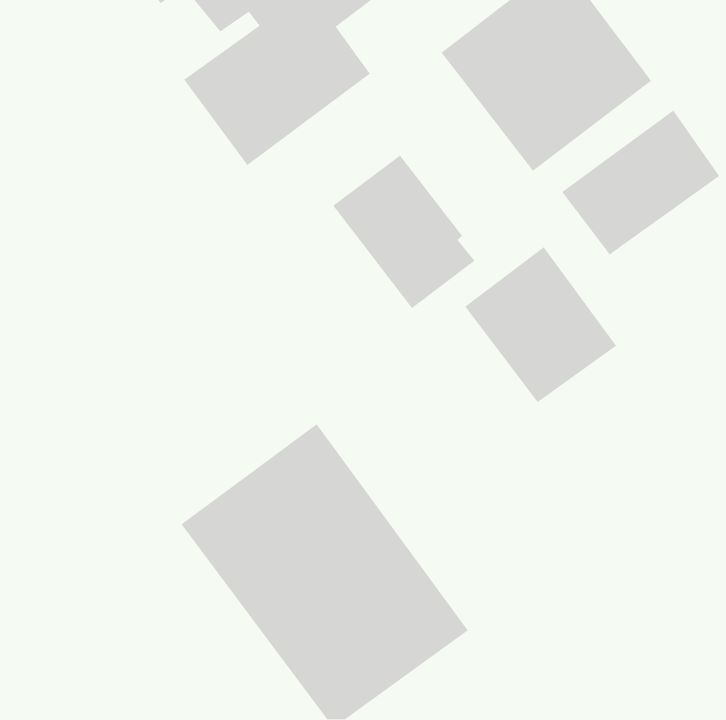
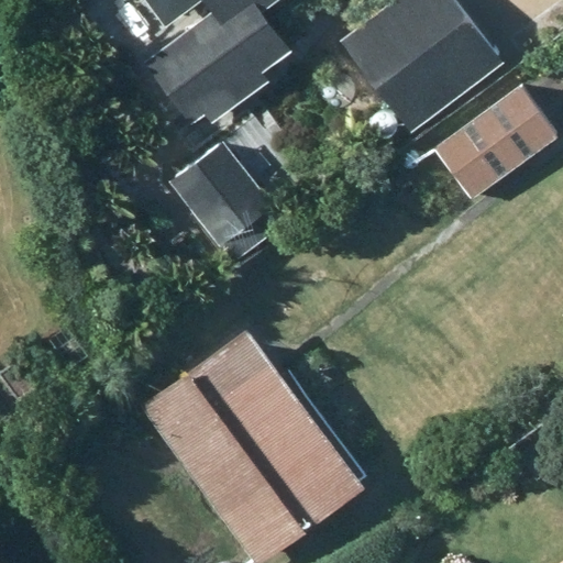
building: [332,154,476,309] -> [172,144,283,264]
building: [464,246,617,403] -> none

